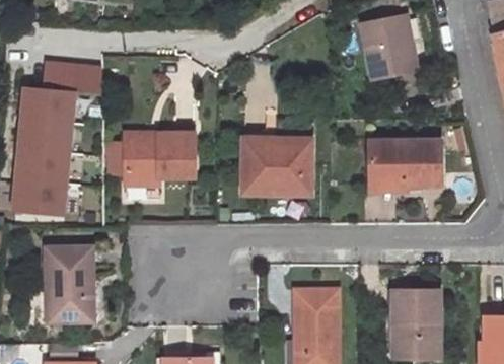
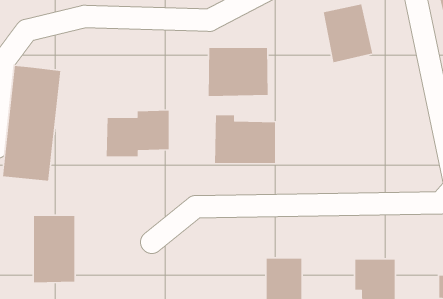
building: [44,60,100,93] -> none
building: none -> [208,47,268,97]
building: [367,143,439,193] -> none

